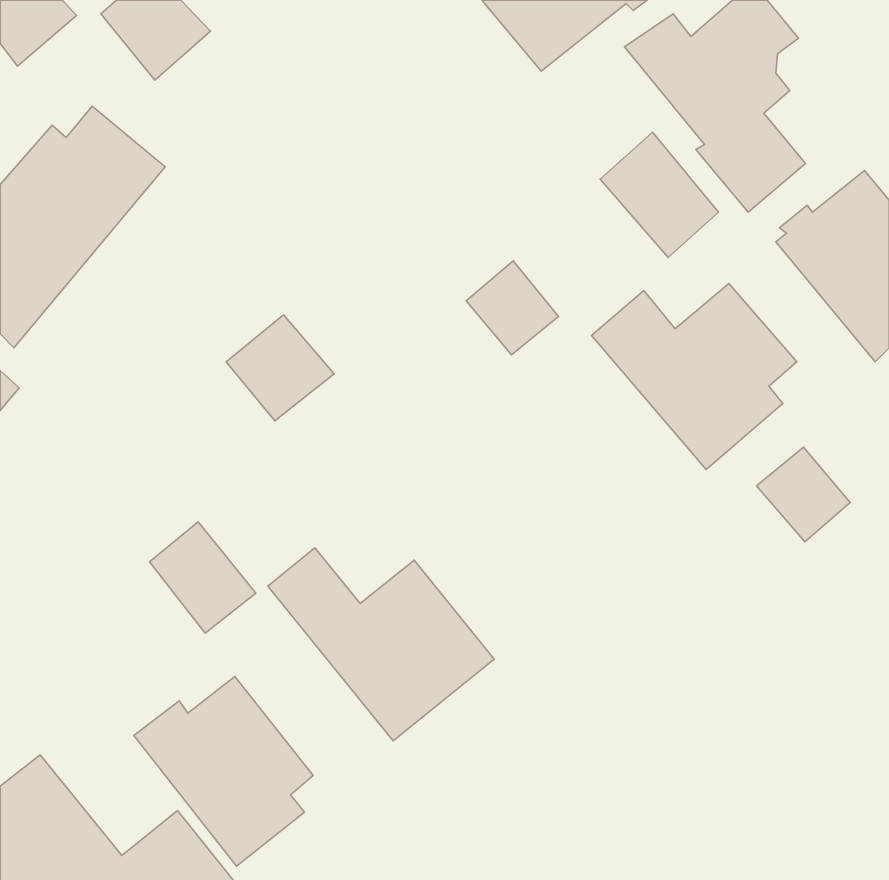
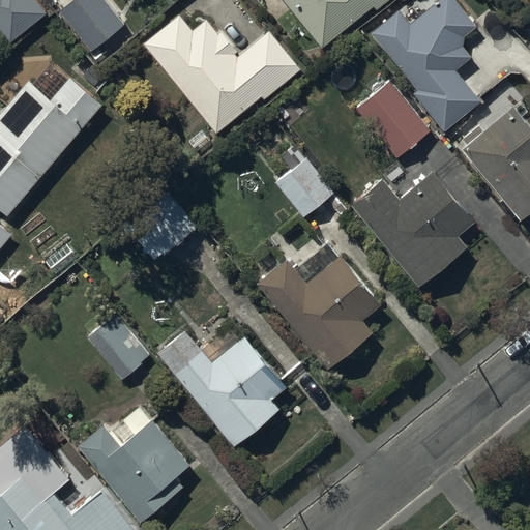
building: none -> [146,17,300,134]
building: none -> [259,241,381,369]
building: [756,447,850,542] -> none

